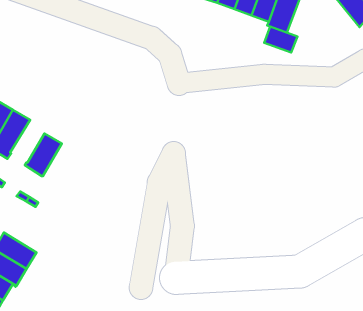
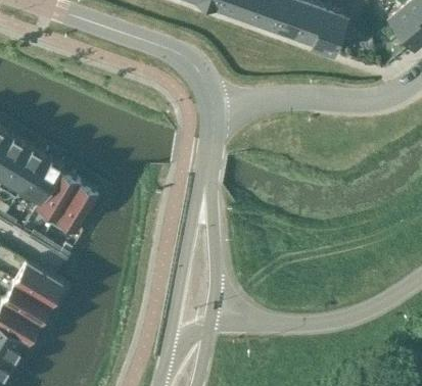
building: [264,27,297,52] -> none
building: none -> [24,154,64,202]
building: none -> [55,181,101,236]
building: none -> [16,261,64,303]

